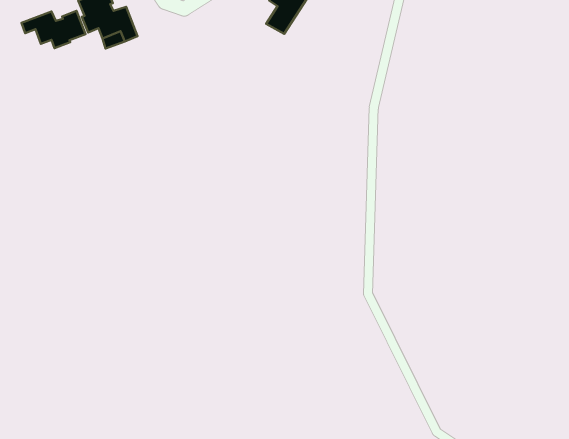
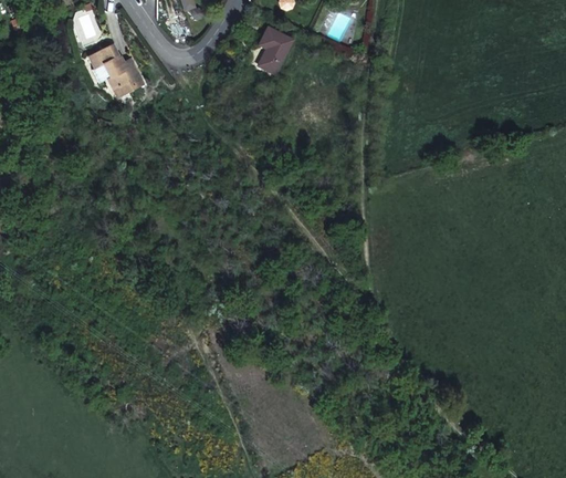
building: [21,11,85,48] -> none

